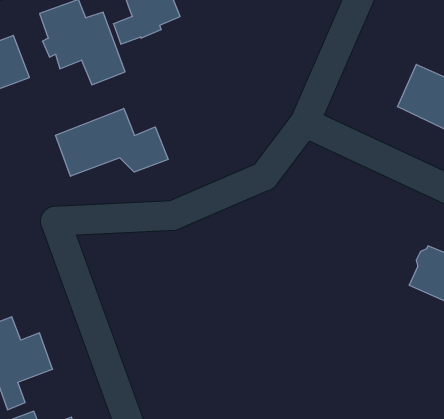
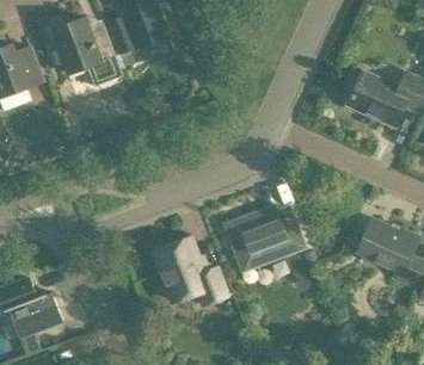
building: [55,108,168,176] -> none
building: none -> [225,206,305,271]
building: none -> [154,237,227,304]

